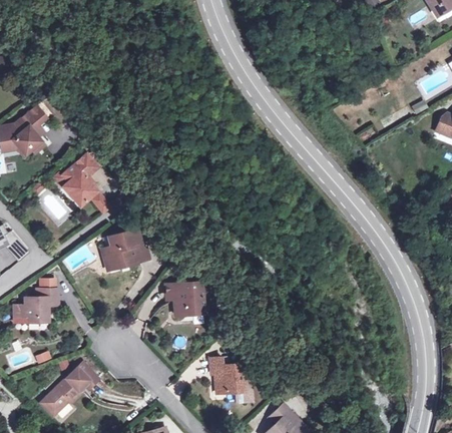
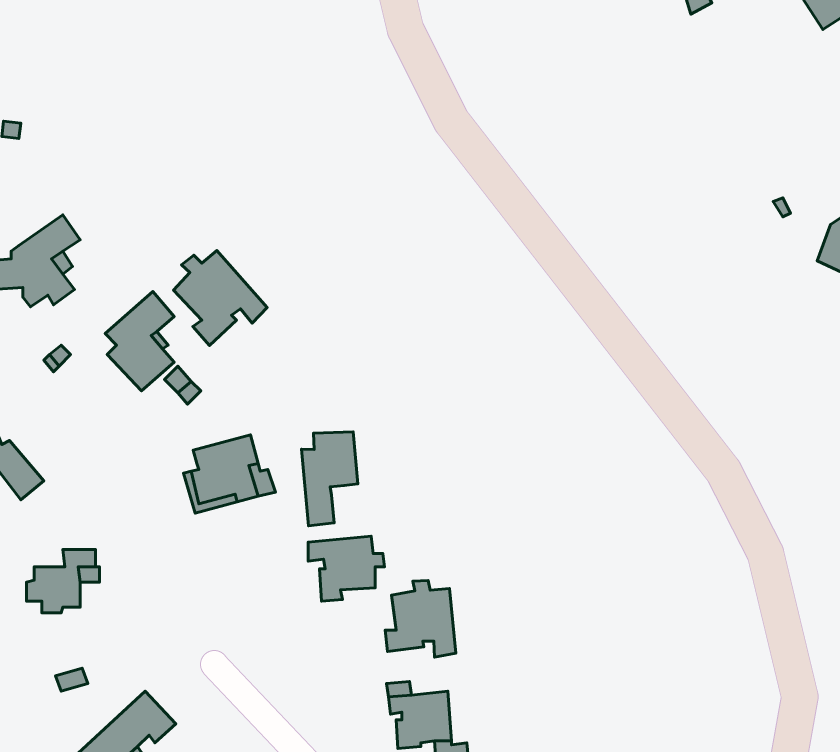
building: none -> [174,250,267,345]
building: none -> [301,432,358,526]
building: none -> [385,580,456,657]

